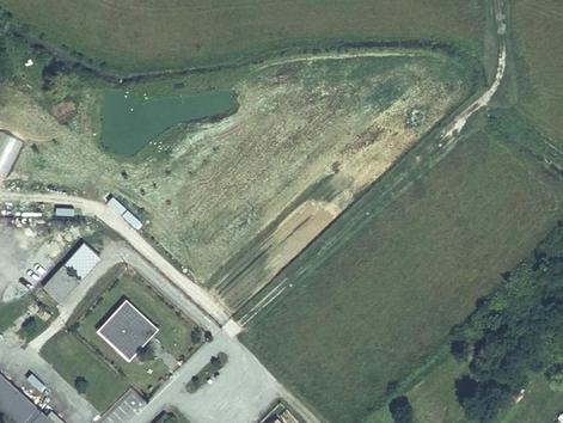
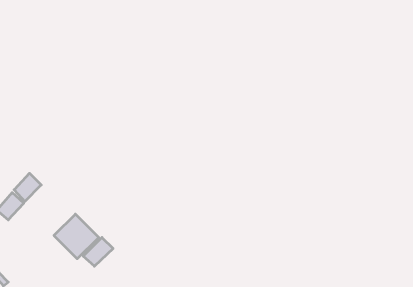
building: none -> [83,237,113,266]

